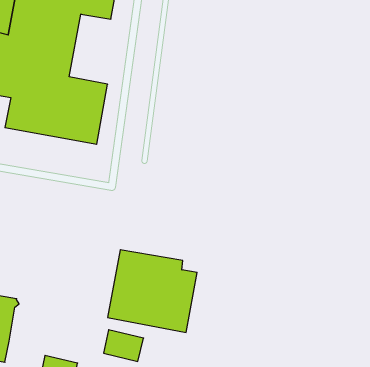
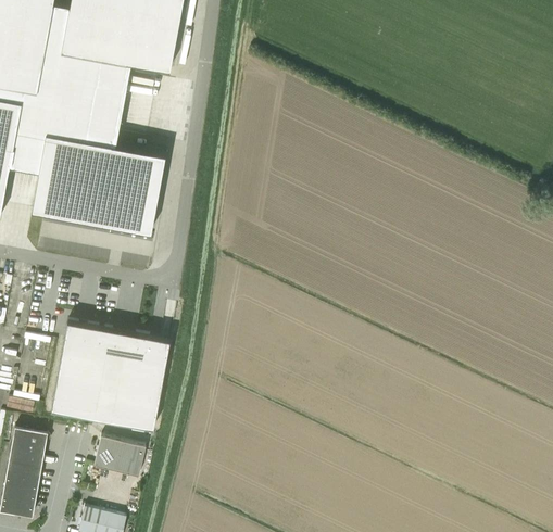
building: [108,250,197,332] -> [51,322,167,430]
building: [104,330,144,361] -> [93,436,146,478]

